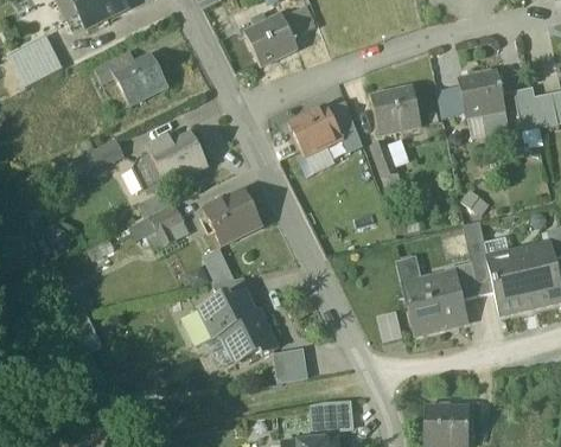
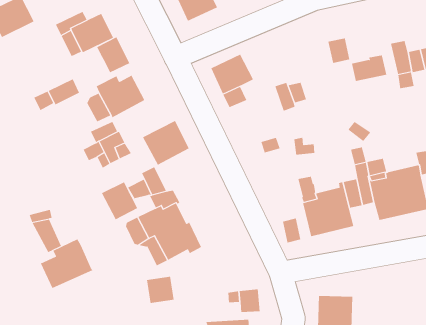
building: [459,72,505,117] -> none
building: none -> [96,36,130,73]
building: [372,91,421,134] -> none
building: [327,98,364,152] -> none
building: none -> [101,181,138,220]
building: none -> [40,239,93,289]
building: [270,350,306,384] -> [146,276,175,304]

